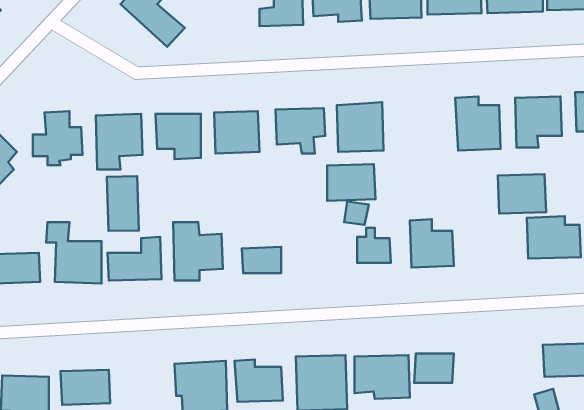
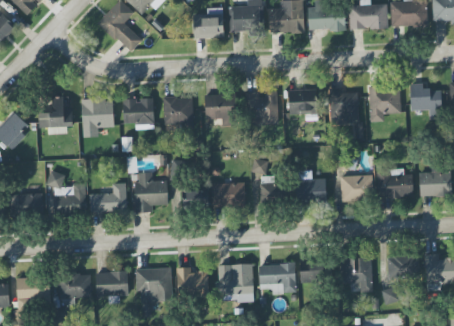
building: none -> [288,89,316,114]
building: [327,164,375,201] -> [212,182,245,207]
building: [498,174,546,214] -> [340,174,373,201]
building: [107,176,139,231] -> none
building: none -> [339,257,372,292]
building: none -> [95,271,128,296]

